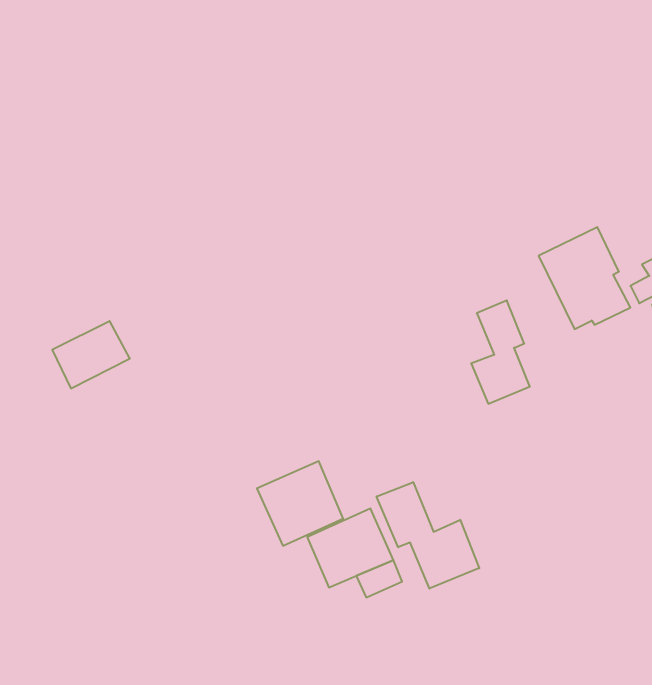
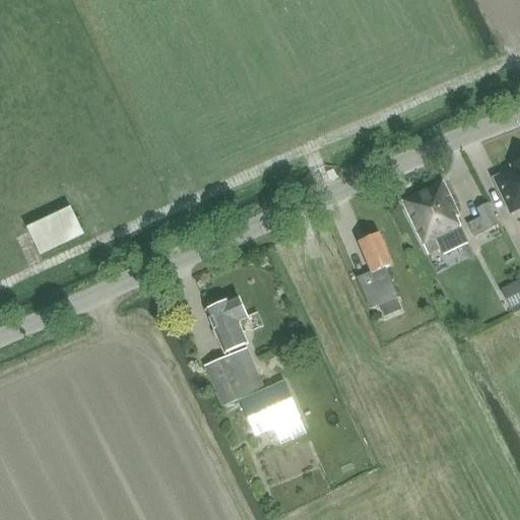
building: [52,321,130,388] -> [28,205,83,253]
building: none -> [205,296,248,350]
building: [377,482,479,589] -> none

